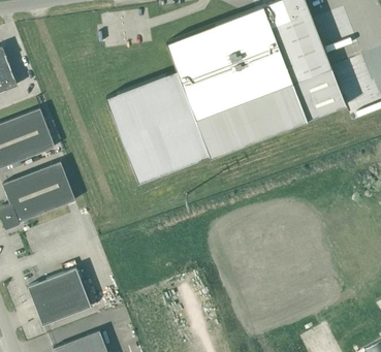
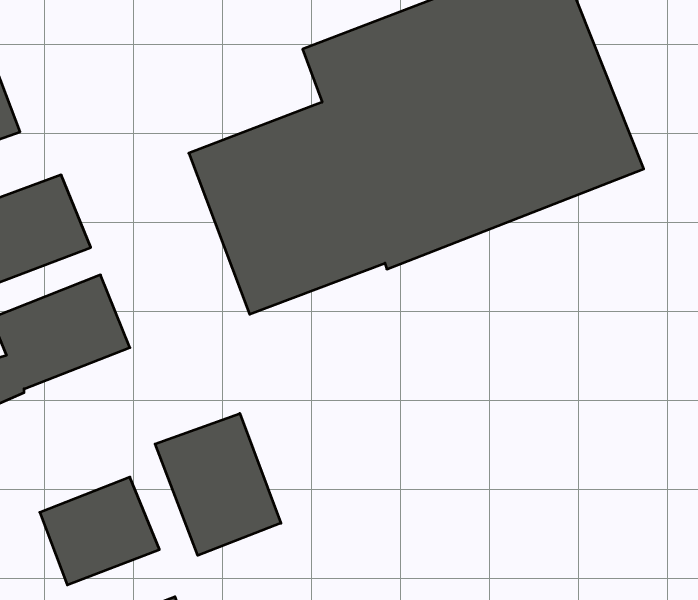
building: none -> [155,413,281,555]

